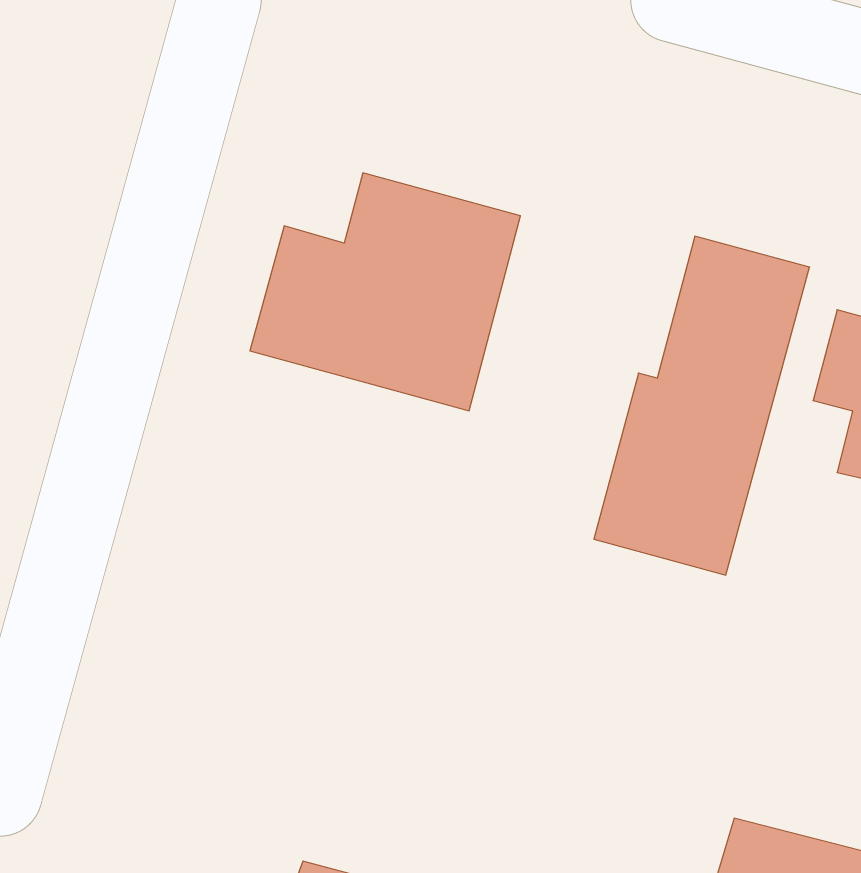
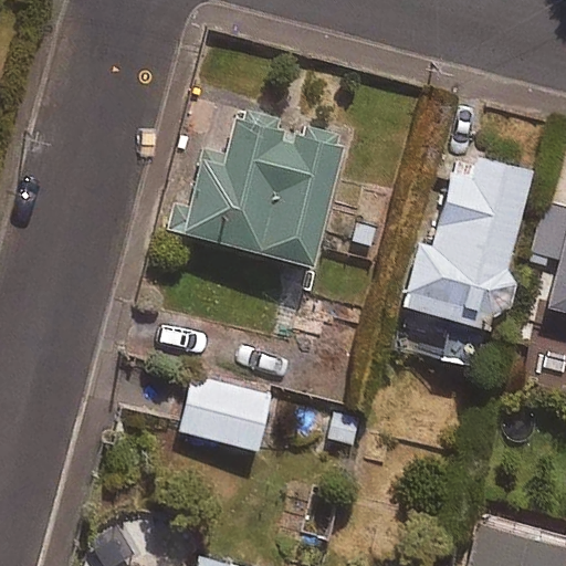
building: none -> [187,376,276,451]

